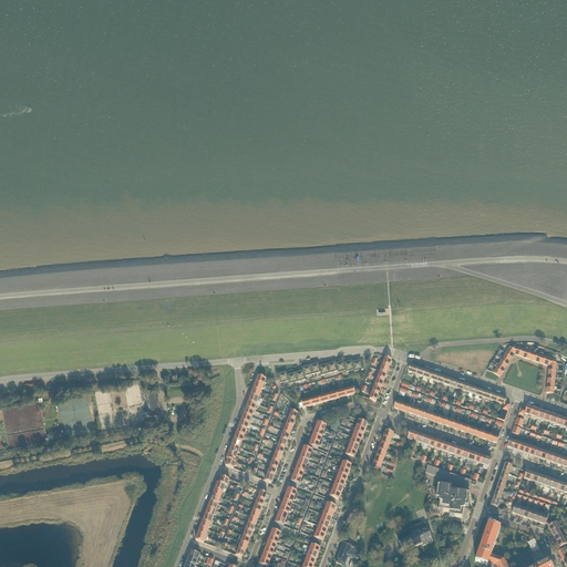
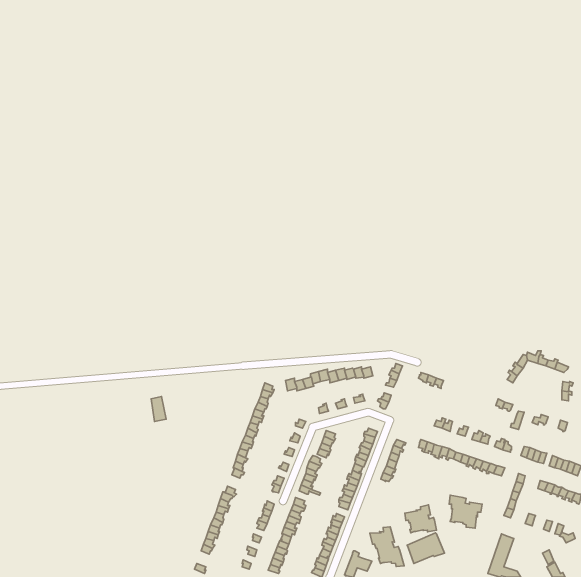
building: none -> [405,505,436,533]
building: none -> [370,527,404,566]

